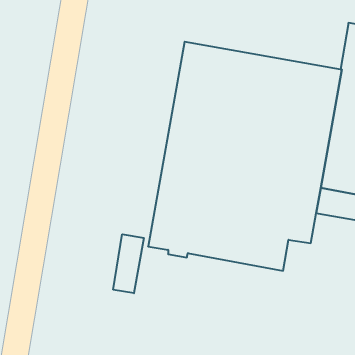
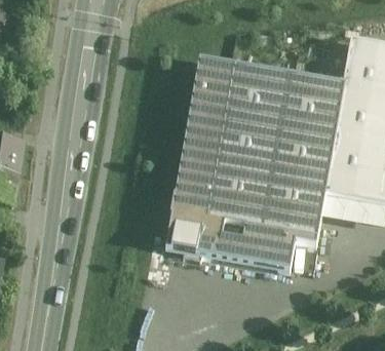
building: [113,234,144,293] -> none

